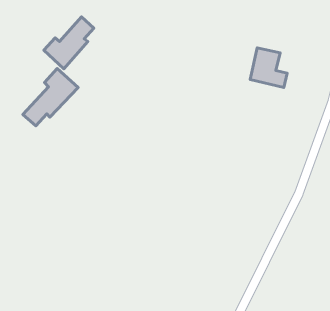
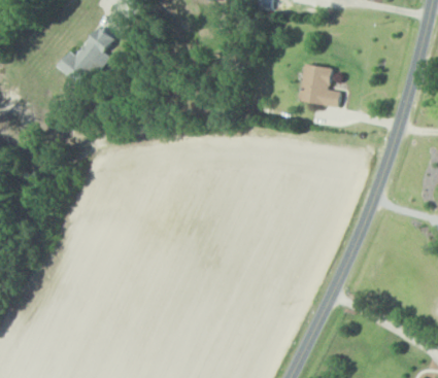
building: [23,68,78,126] -> none

